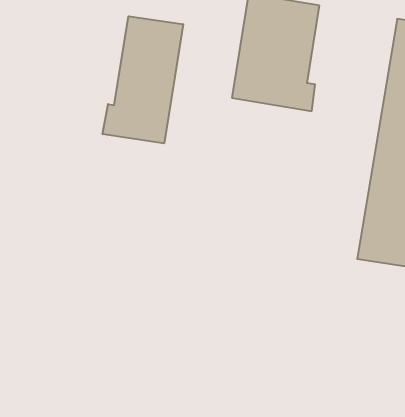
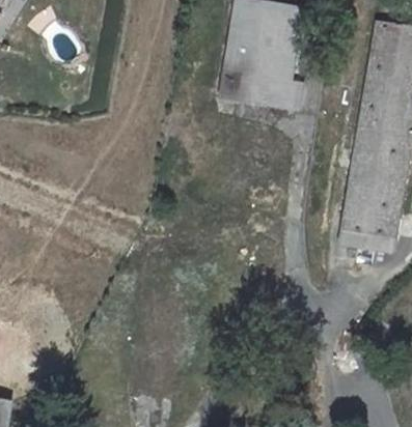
building: [103,16,183,143] -> none

